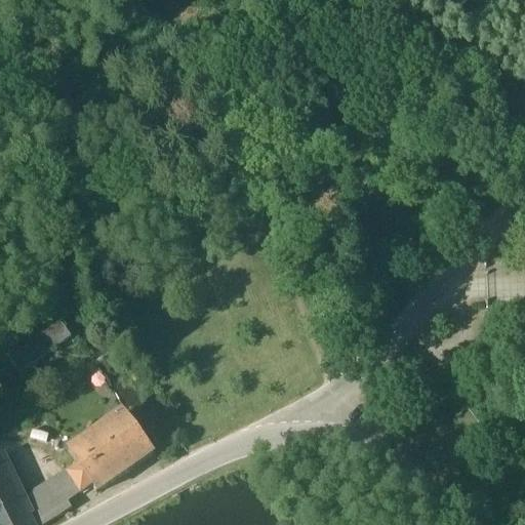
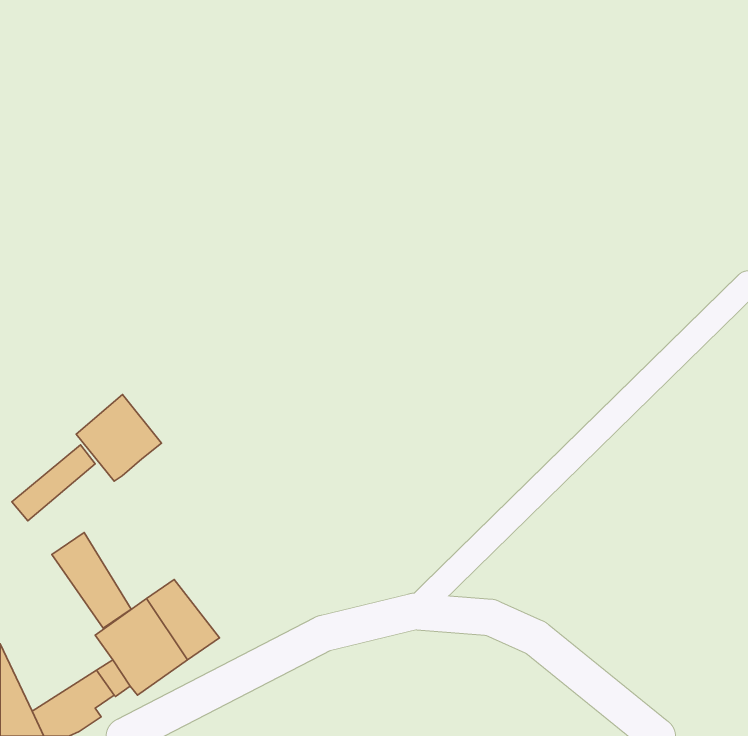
building: none -> [76,394,162,481]
building: none -> [52,533,131,628]

